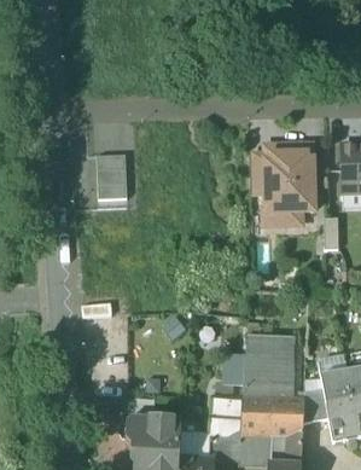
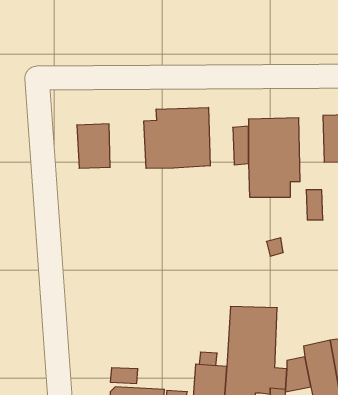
building: none -> [144,107,210,168]

